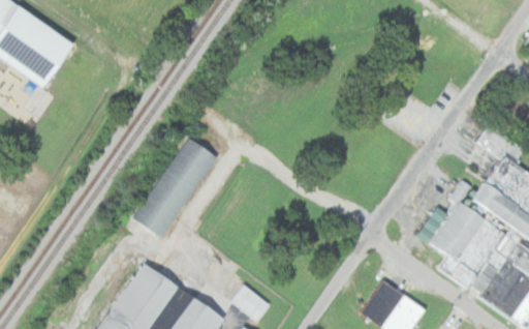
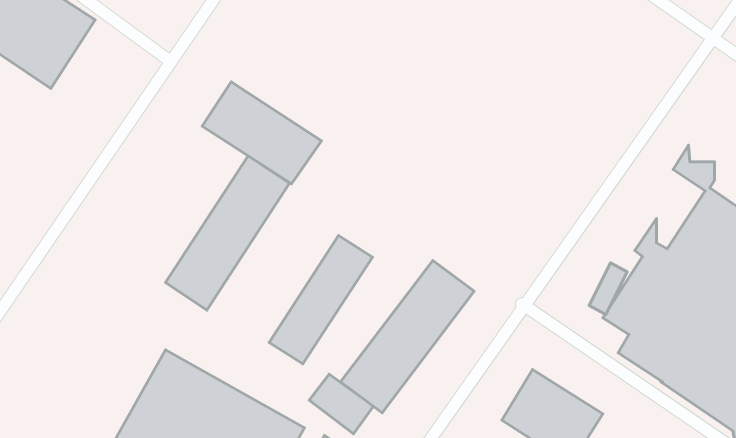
building: none -> [202,82,321,184]
building: none -> [269,236,373,364]
building: none -> [341,260,474,413]

